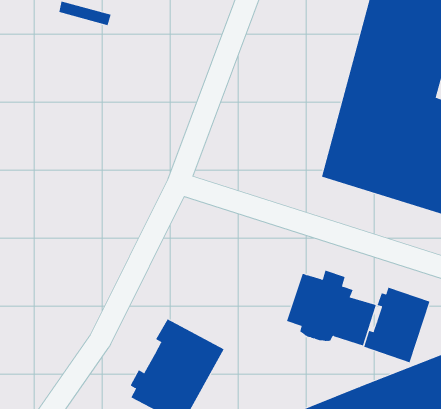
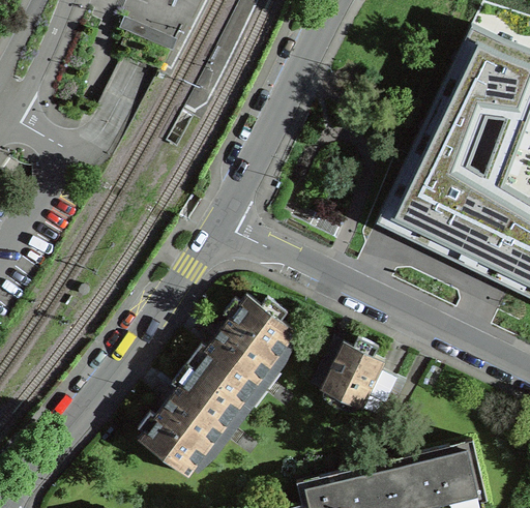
building: none -> [195,295,303,405]
building: [363,287,430,363] -> none

